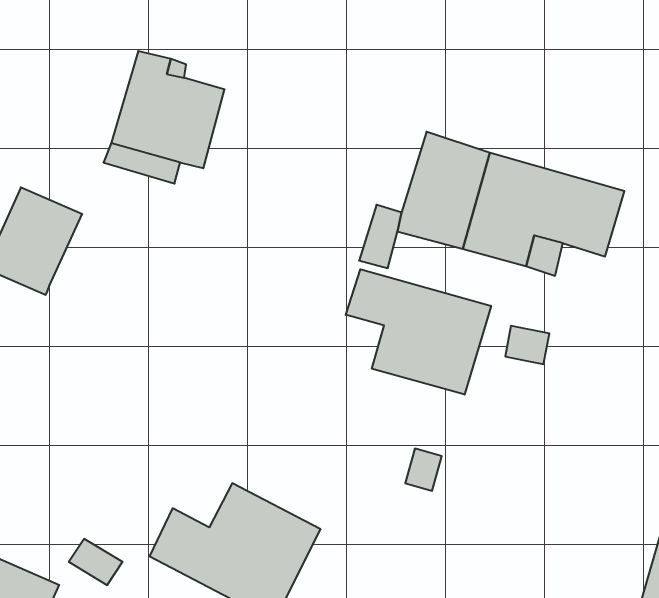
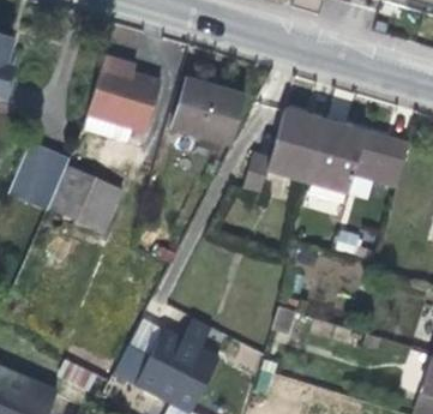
building: none -> [172,80,245,145]
building: none -> [49,166,124,232]
building: [346,269,491,395] -> none

